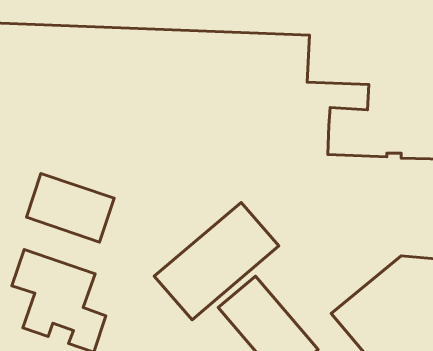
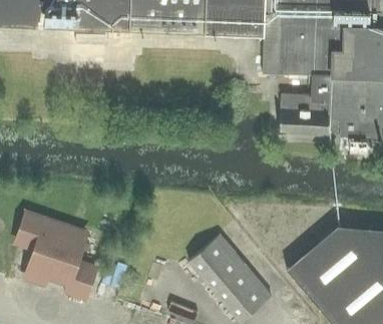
building: [26,174,114,242] -> none
building: [154,202,279,320] -> none

